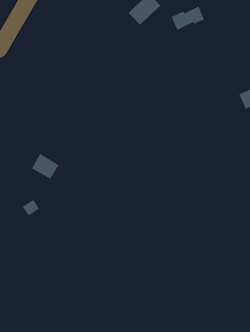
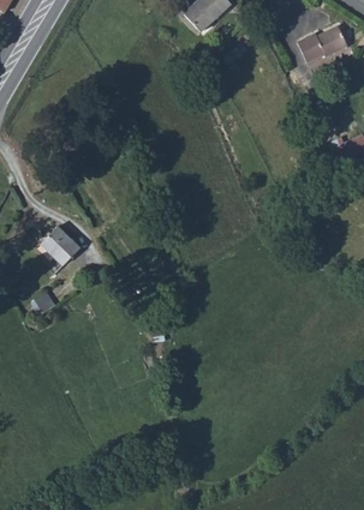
building: [171,6,205,31] -> [297,34,345,68]

